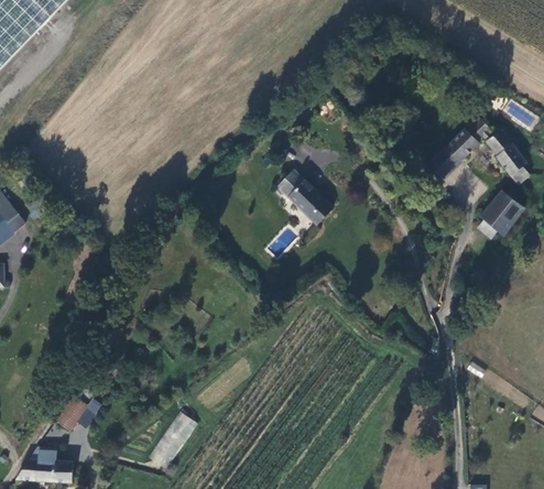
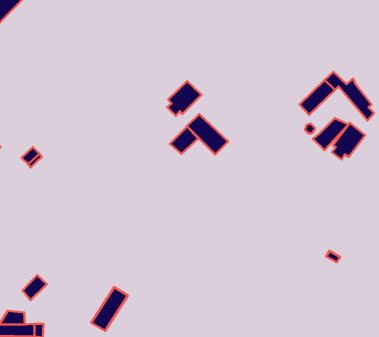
building: none -> [167,81,202,116]
building: none -> [313,118,348,150]
building: none -> [170,126,198,154]

